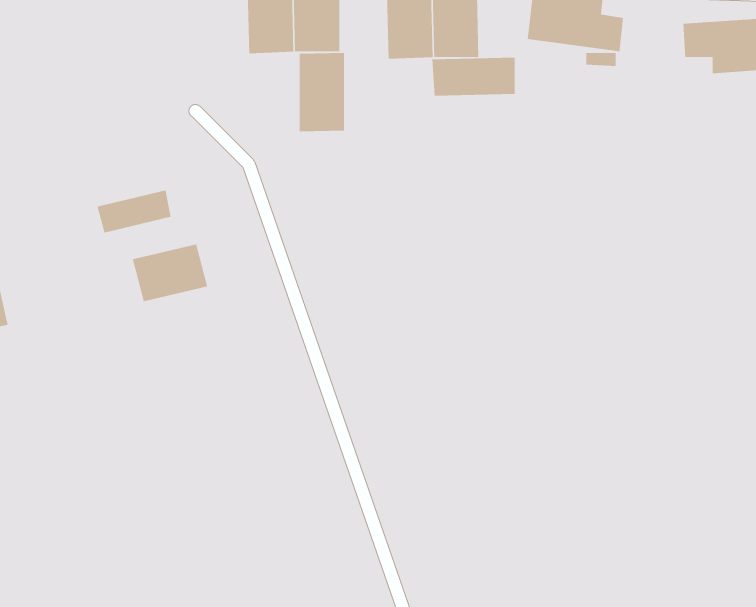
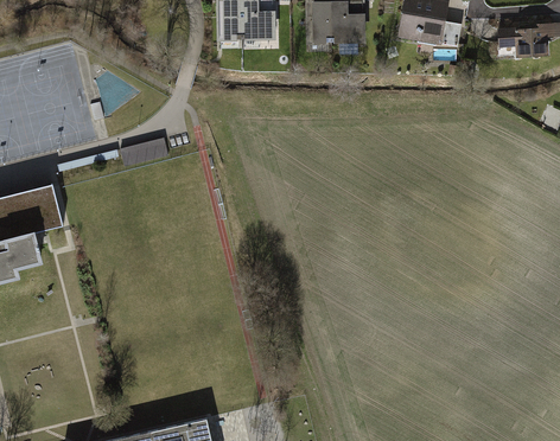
building: [299,52,345,132] -> none
building: [432,57,515,96] -> none
building: [132,243,208,302] -> none

